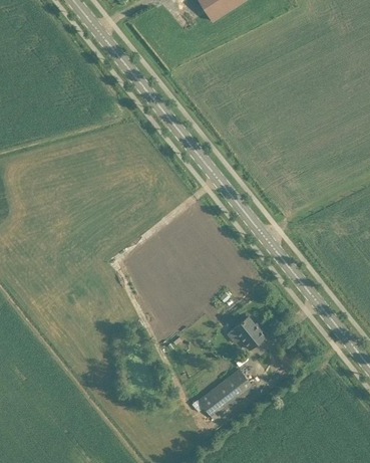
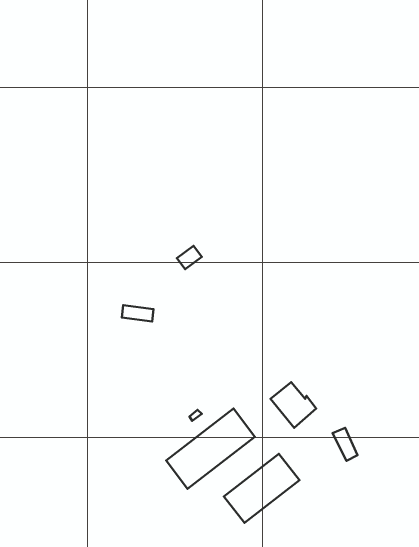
building: none -> [166,408,255,489]

